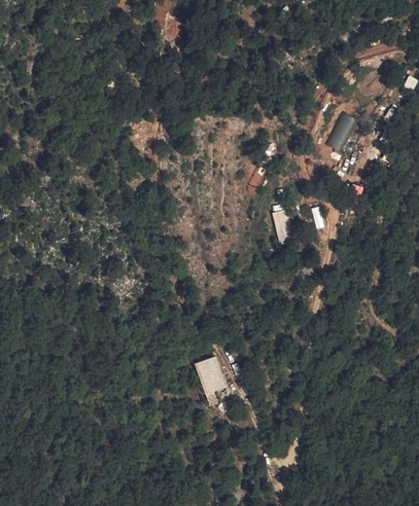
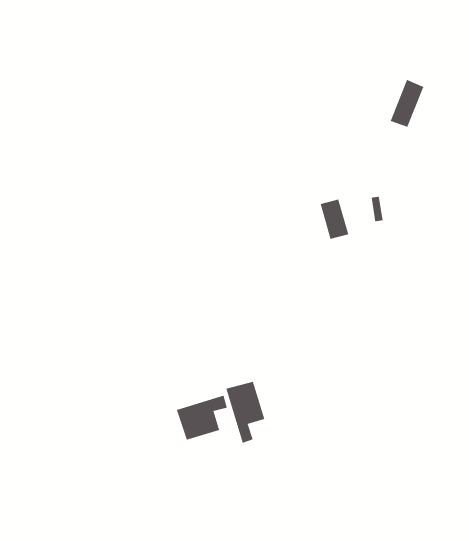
building: none -> [176,395,228,441]

